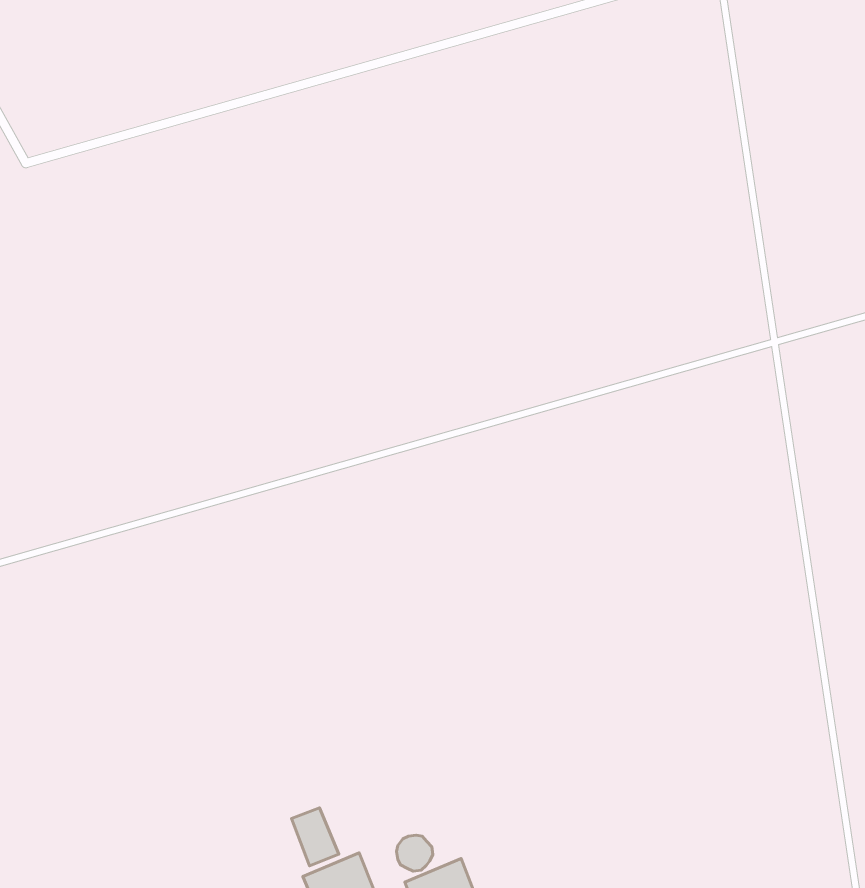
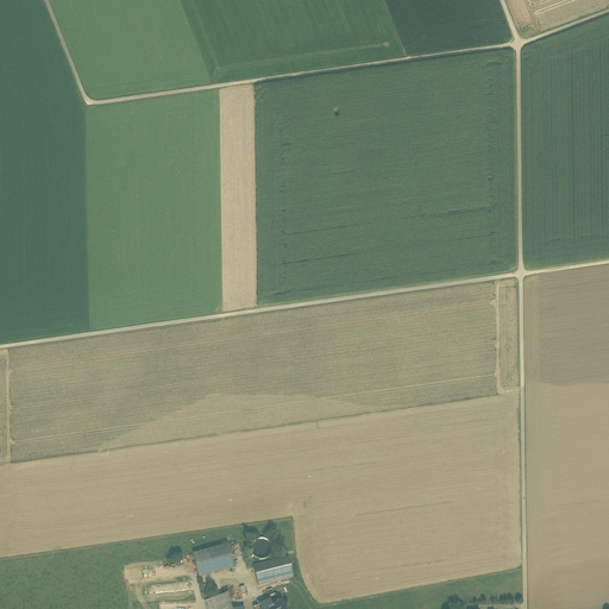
building: [291,808,339,866] -> none

